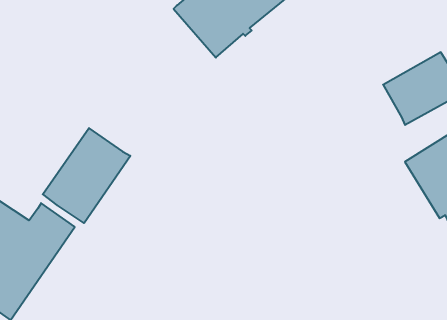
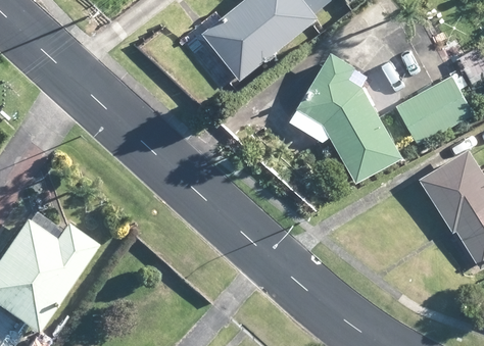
building: none -> [290,53,398,184]
building: [43,128,130,223] -> none

